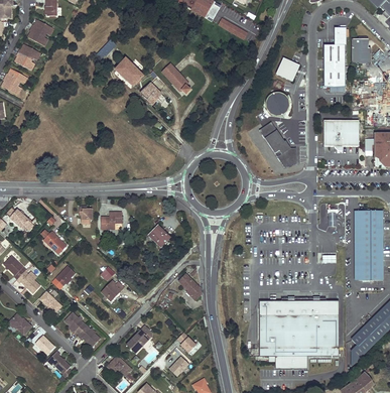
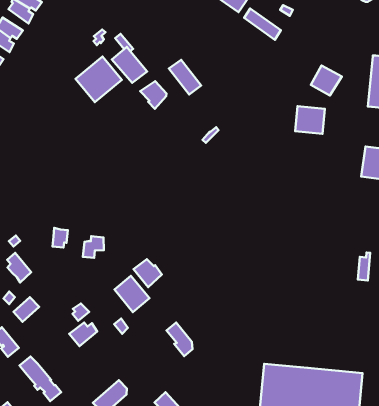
building: none -> [75,56,122,102]
building: [258,122,295,166] -> none
building: none -> [114,276,150,312]

